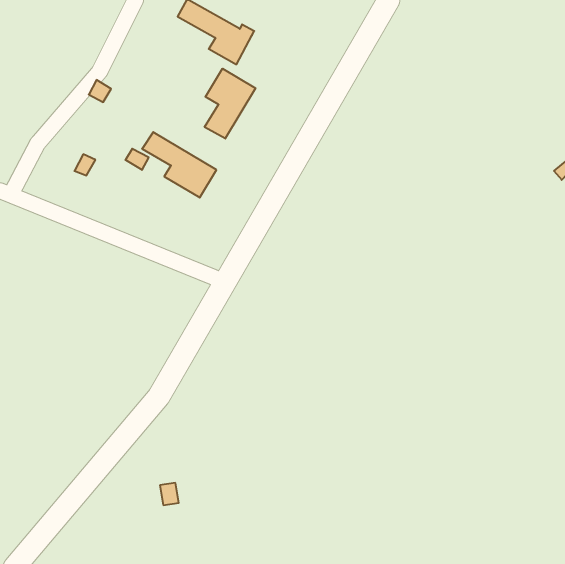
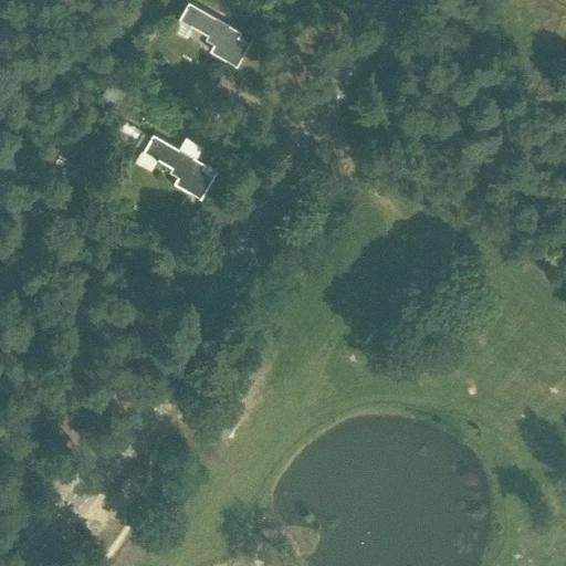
building: [205,69,255,139] -> none

